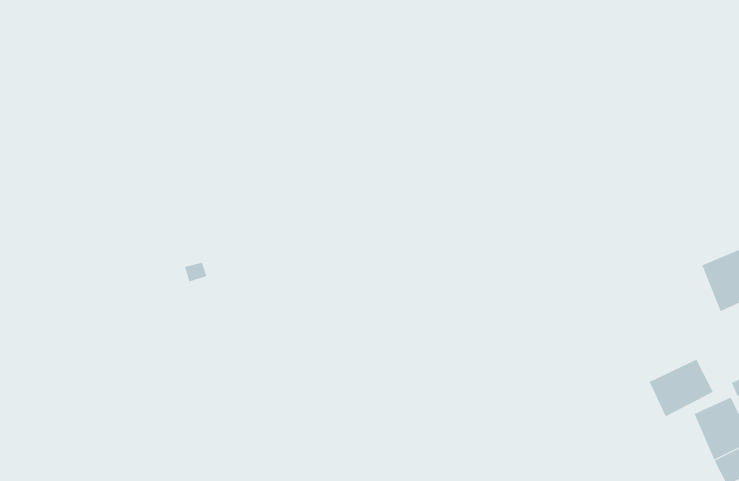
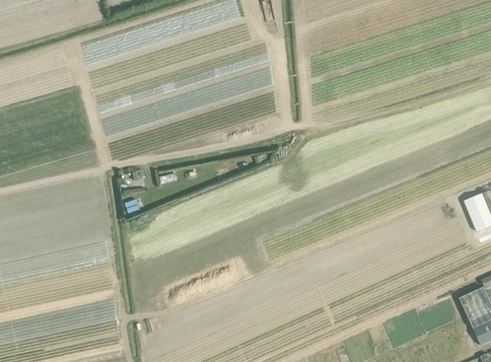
building: [648,359,714,417] -> none

